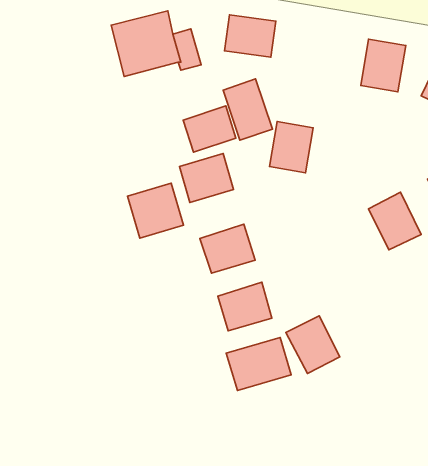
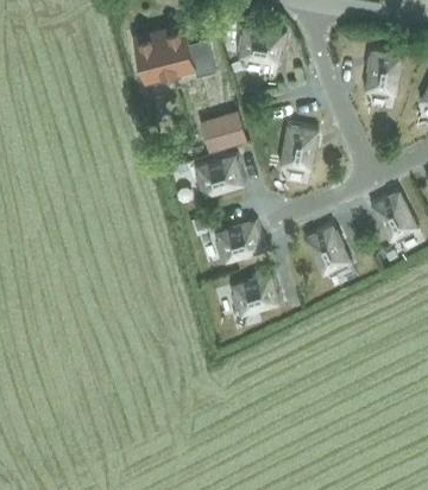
building: [223,79,272,140] -> none
building: [128,183,183,238] -> none
building: [286,316,340,374] -> [302,224,352,278]
building: [226,337,291,391] -> none

